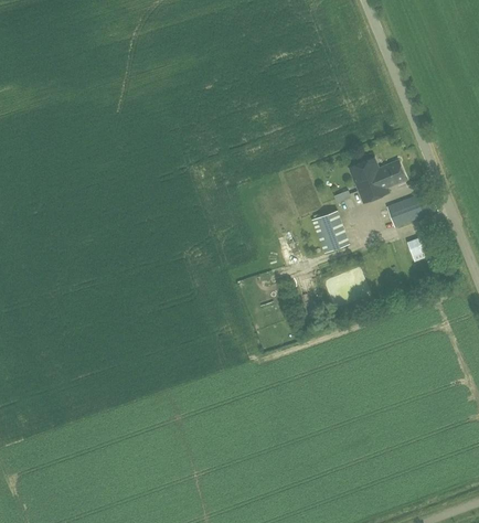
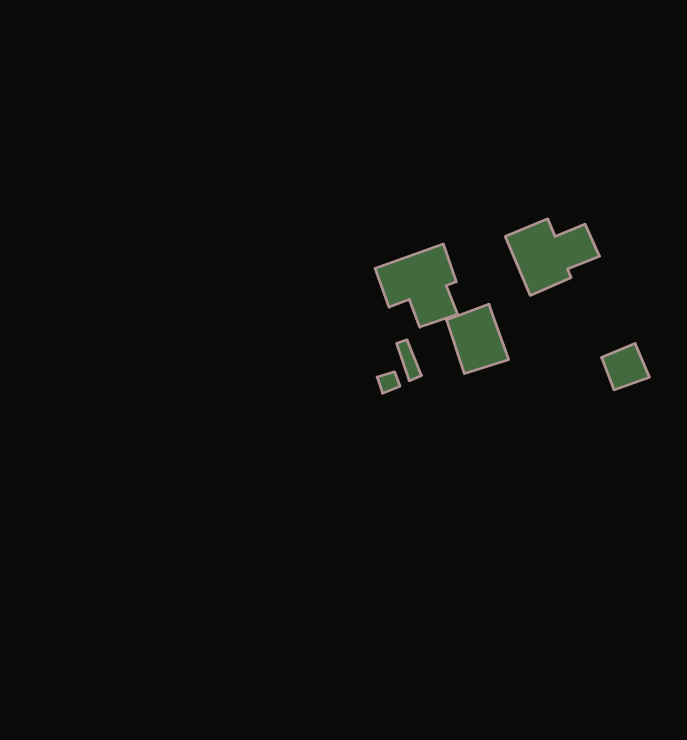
building: none -> [375,244,458,327]
building: [387,192,436,226] -> none

